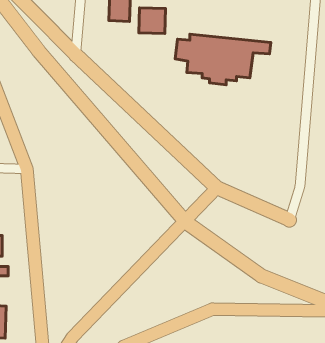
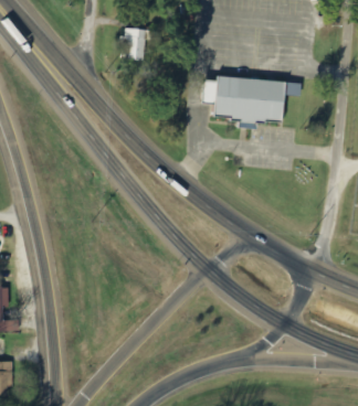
building: [139,8,166,33] -> none

